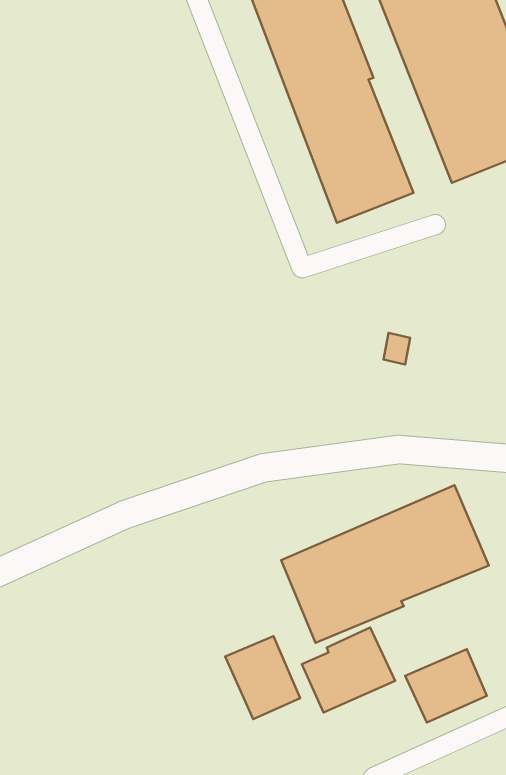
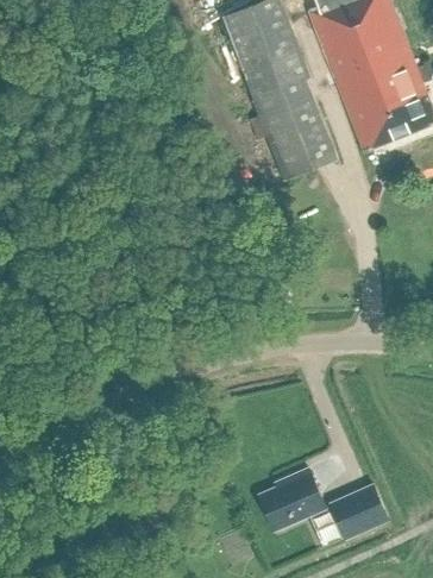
building: [281,485,489,643] -> none
building: [225,636,300,719] -> none

